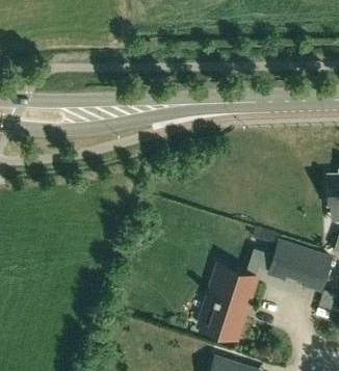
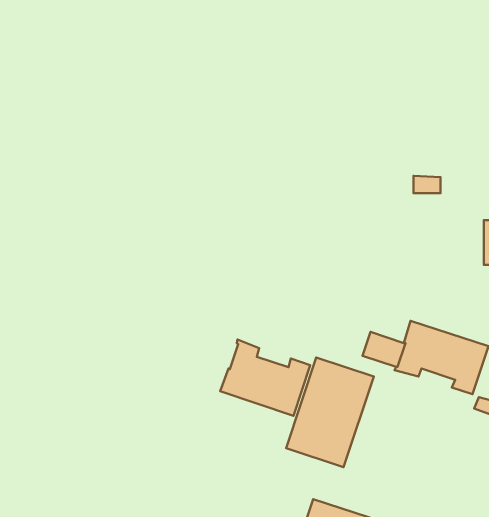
building: none -> [220,339,310,416]

